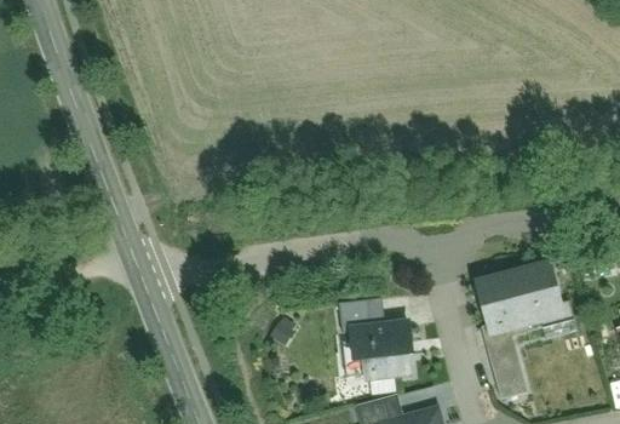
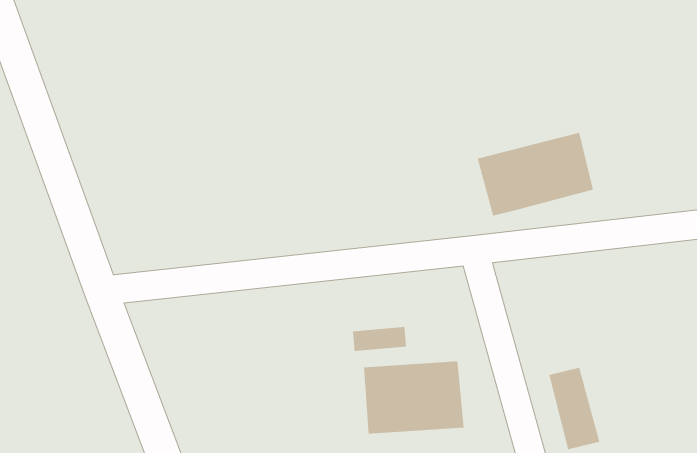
building: [473,267,564,332] -> [477,132,594,216]

